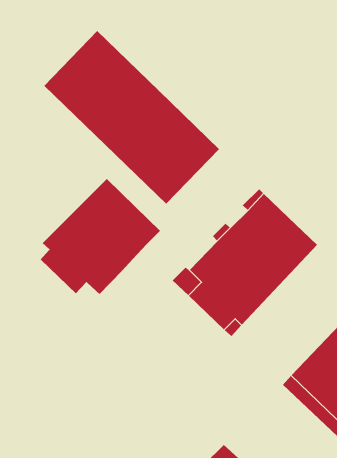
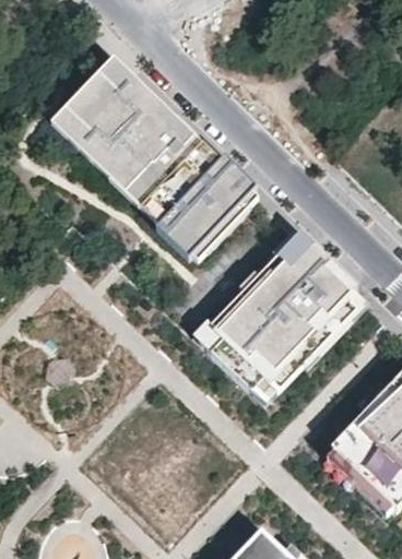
building: [40,178,161,295] -> none

